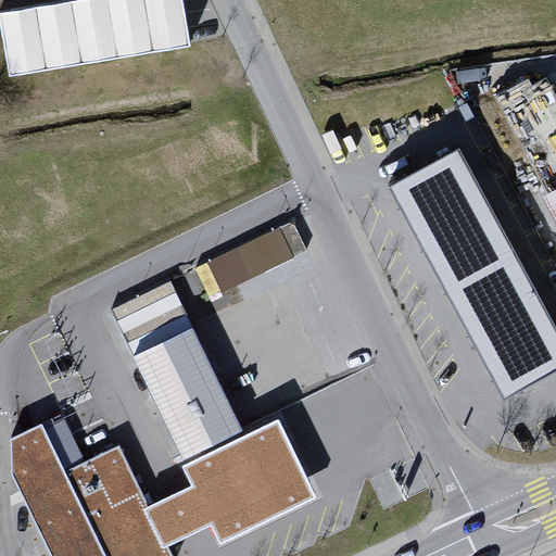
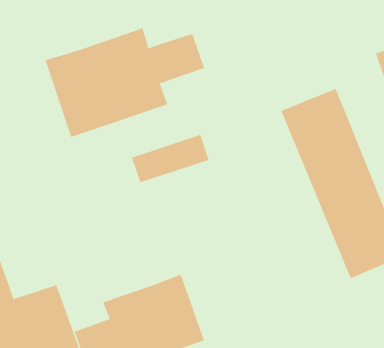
building: none -> [45,28,205,138]
building: [115,281,248,458] -> none

